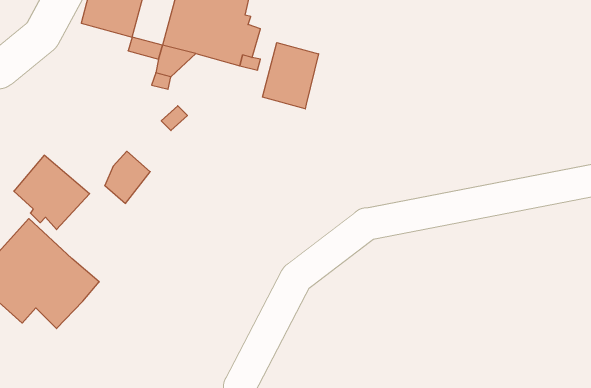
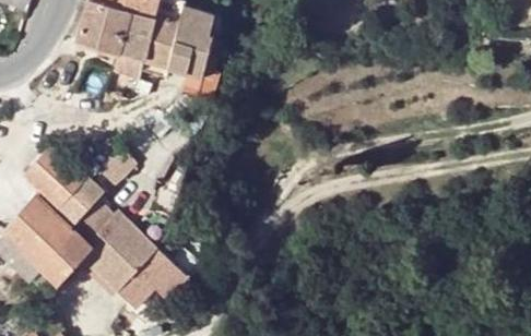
building: [263,43,319,109] -> none
building: none -> [71,200,189,310]

